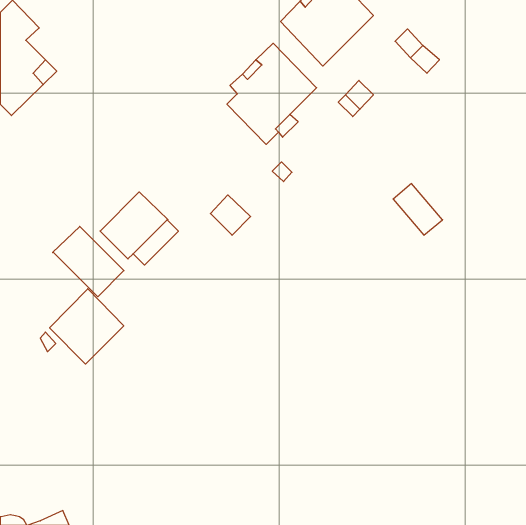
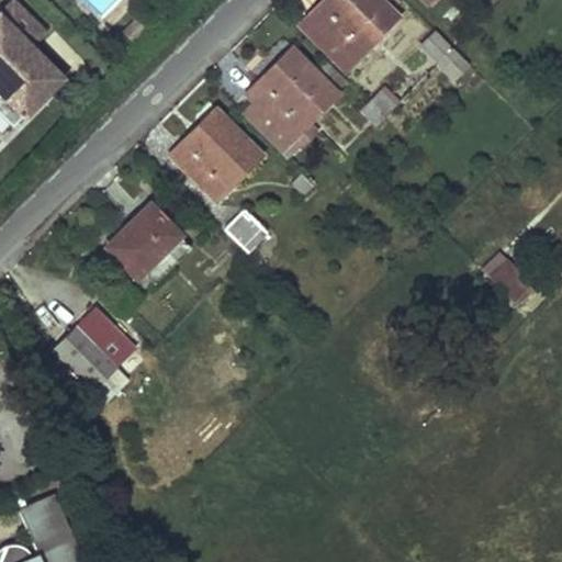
building: none -> [170,106,262,199]
building: [393,184,443,235] -> [485,248,538,303]
building: [53,226,124,297] -> none
building: none -> [23,498,68,554]

